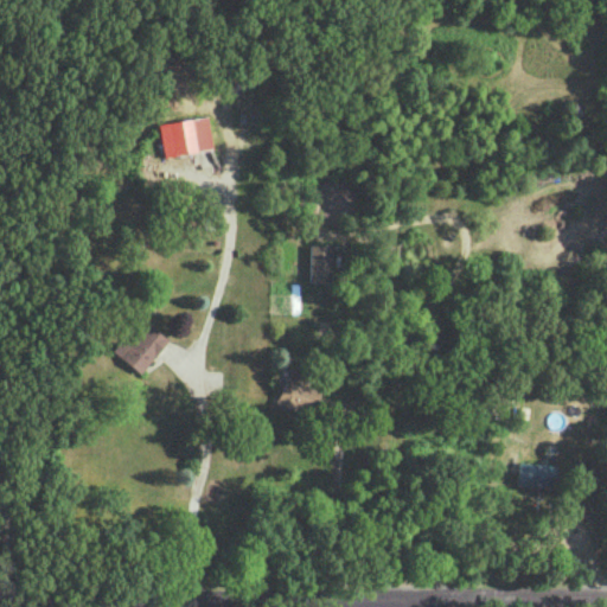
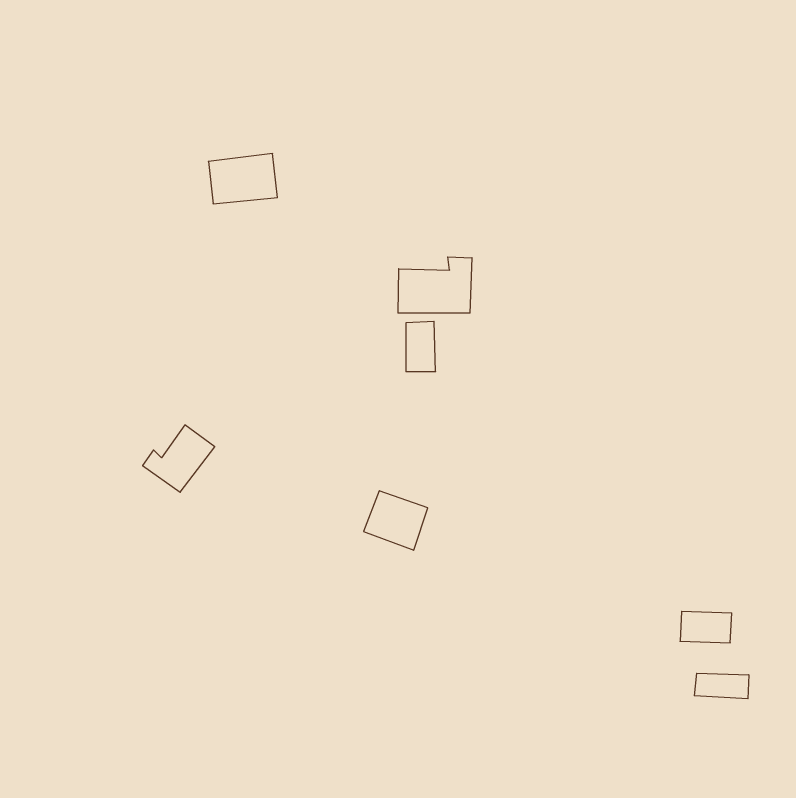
building: none -> [398,257,472,313]
building: none -> [694,673,749,699]

